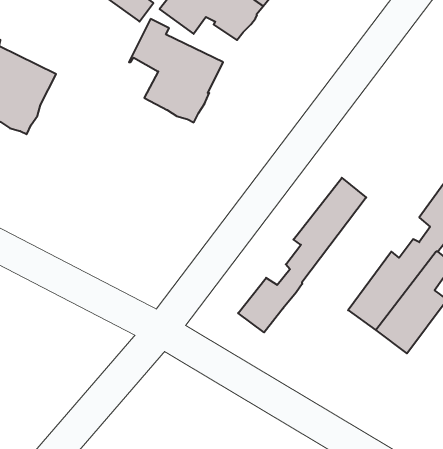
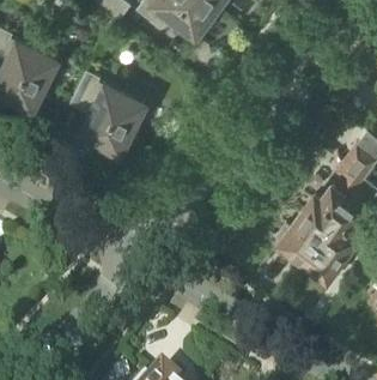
building: [129,19,223,122] -> [71,70,144,150]
building: [238,178,366,332] -> none

